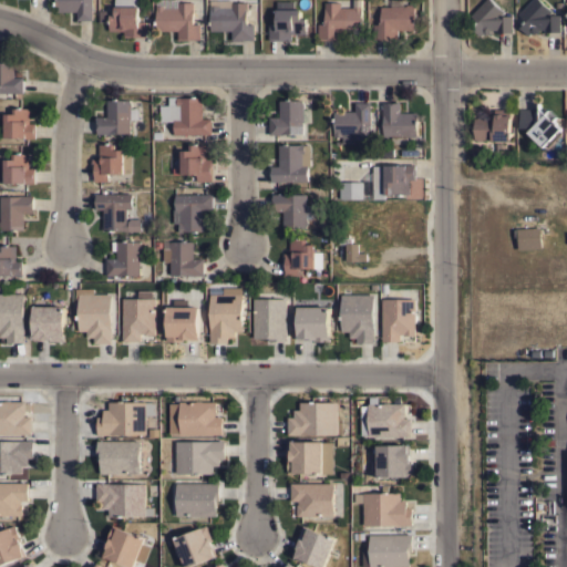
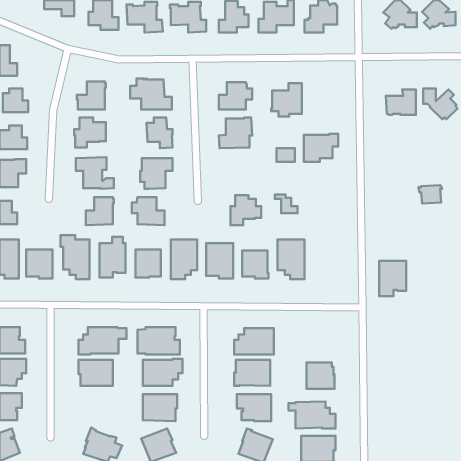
building: [381,103,415,145] -> none
building: [271,194,305,228] -> none
building: [381,299,414,342] -> [379,261,406,296]
building: [367,404,410,437] -> none
building: [95,484,144,517] -> none

